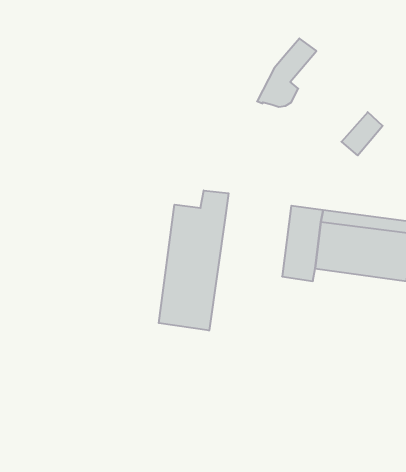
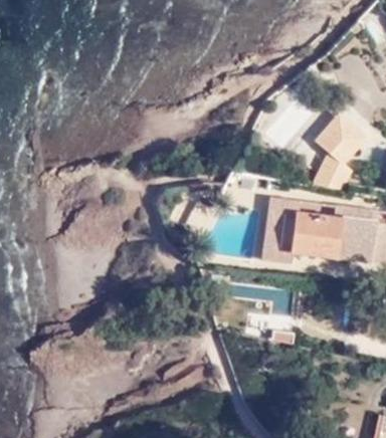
building: [257,38,316,107] -> [314,127,366,187]
building: [159,190,229,331] -> none

